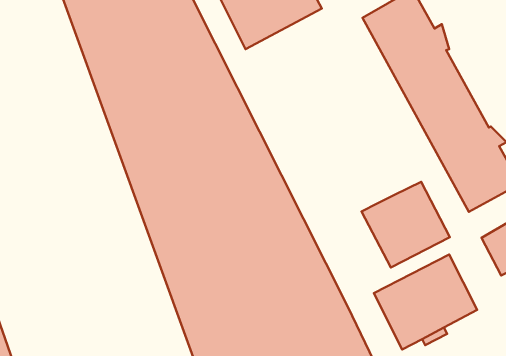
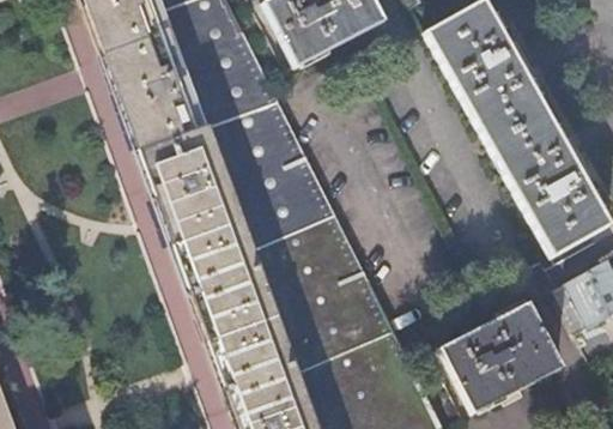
building: [362,182,450,267] -> none

